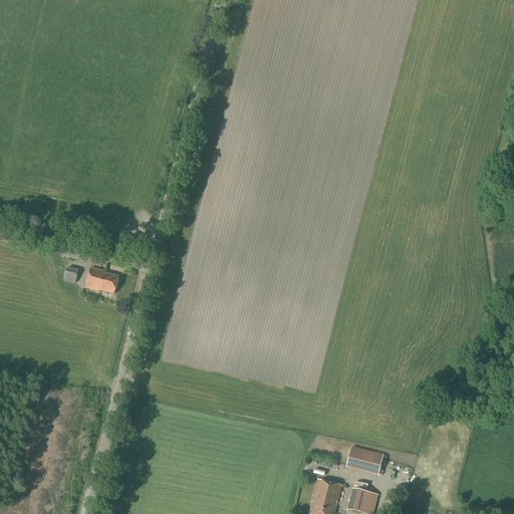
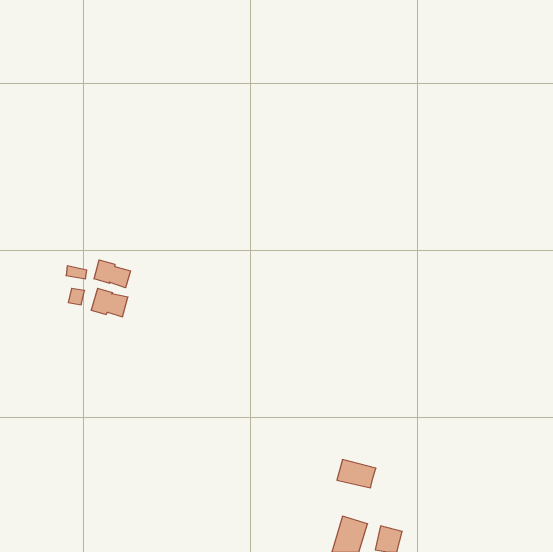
building: none -> [94,260,130,288]
building: [347,447,383,473] -> [337,460,376,488]

